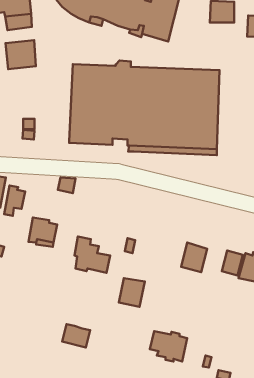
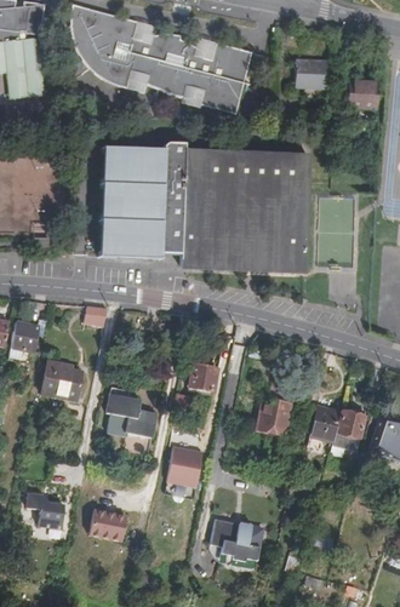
building: [6,40,36,69] -> none
building: none -> [190,361,218,388]
building: none -> [27,489,65,526]

